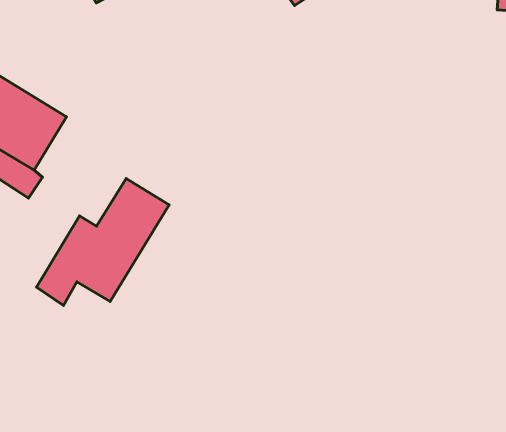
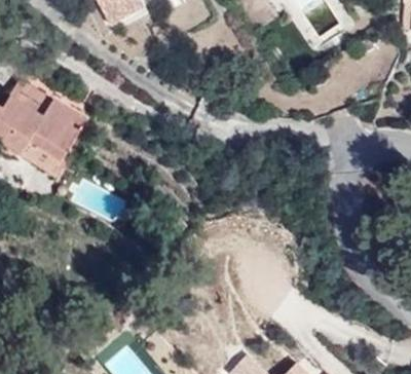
building: [36,178,169,305] -> none

